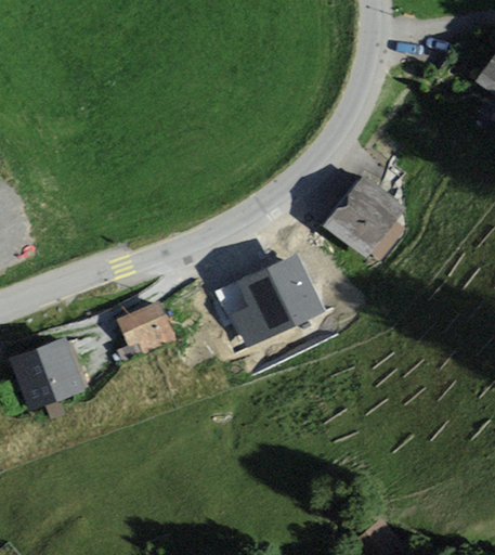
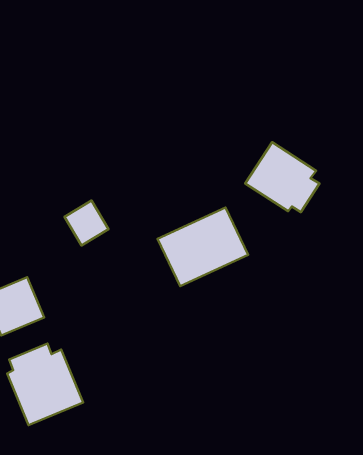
building: [120,302,173,357] -> [64,201,108,245]
building: none -> [7,344,83,425]

